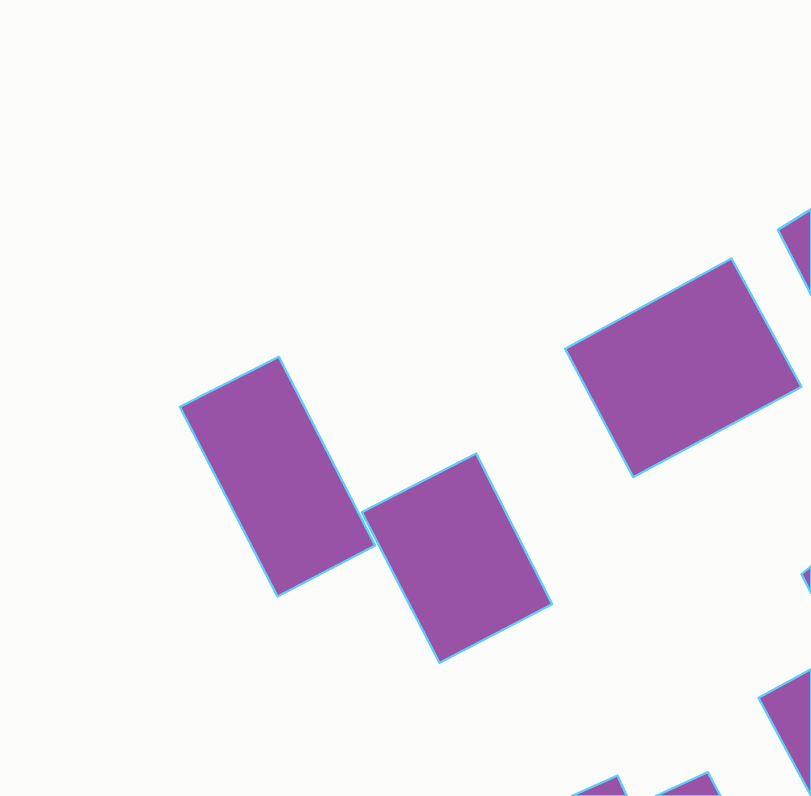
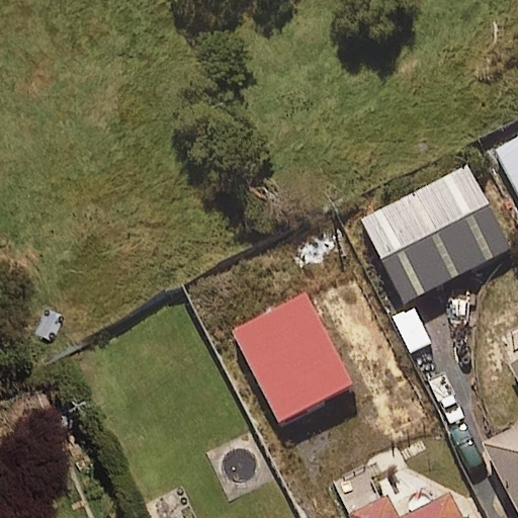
building: [180,357,375,597] -> none

